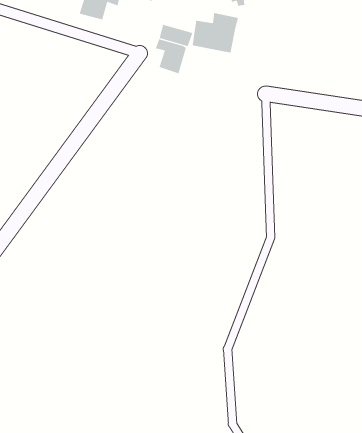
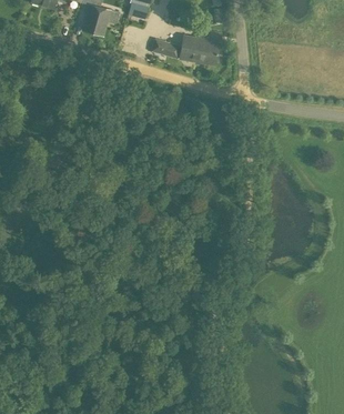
building: [155,38,186,74] -> none

